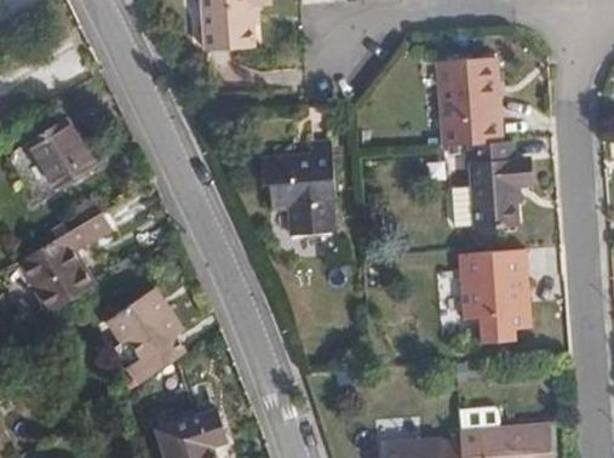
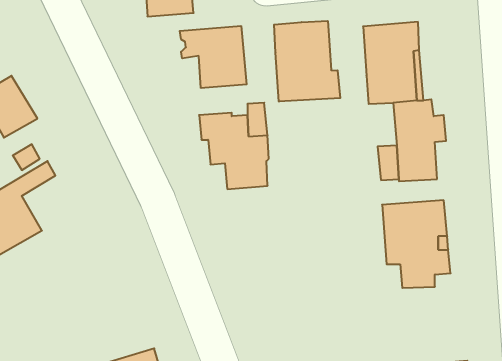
building: none -> [274,21,340,102]
building: none -> [180,26,247,88]
building: [101,287,179,382] -> none

